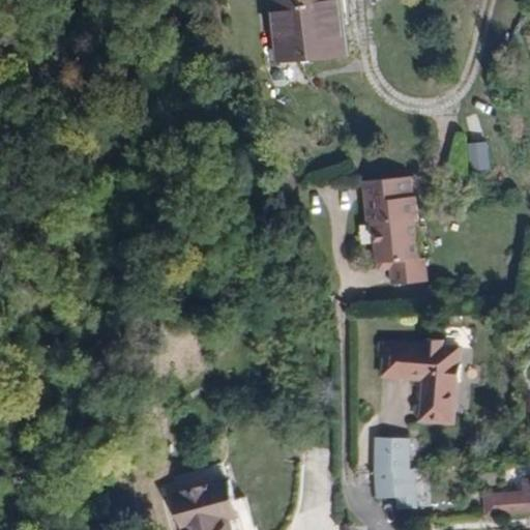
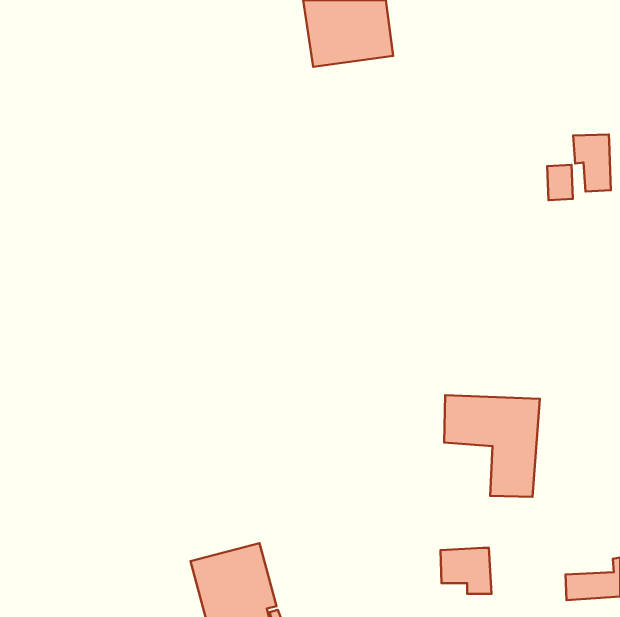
building: none -> [573,134,611,192]
building: [363,176,429,286] -> none
building: [376,438,413,472] -> none

